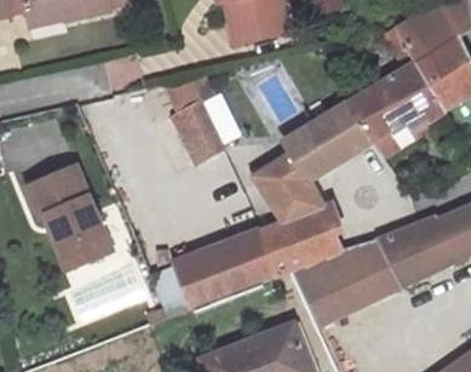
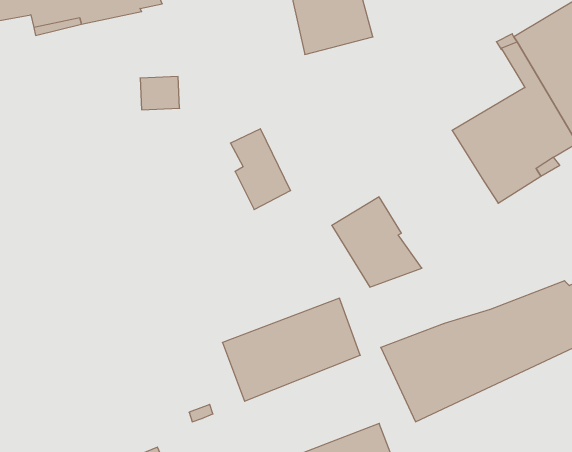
building: [286,101,372,179] -> none
building: [28,165,110,265] -> none
building: [262,206,341,273] -> none

